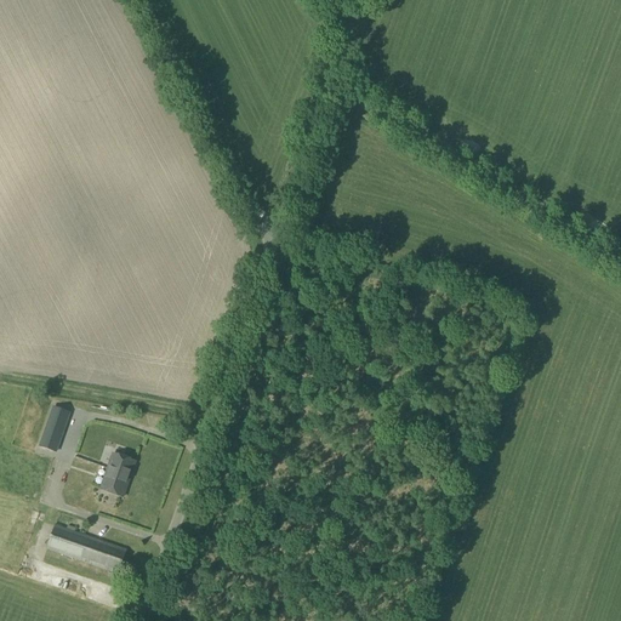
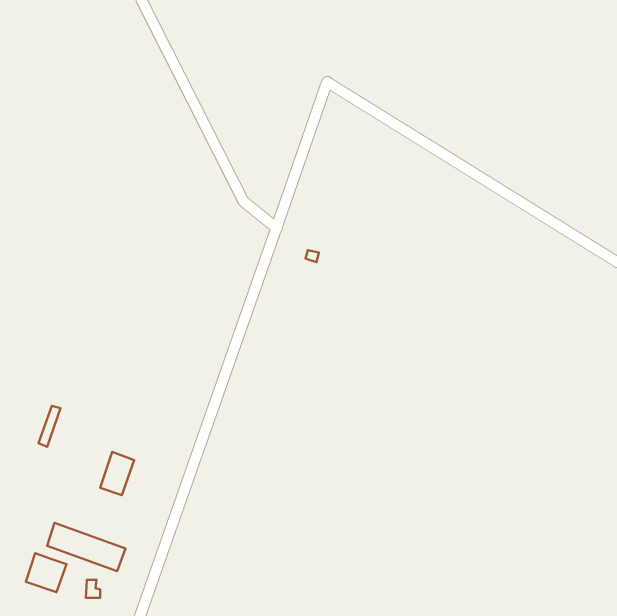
building: none -> [26,553,66,592]

